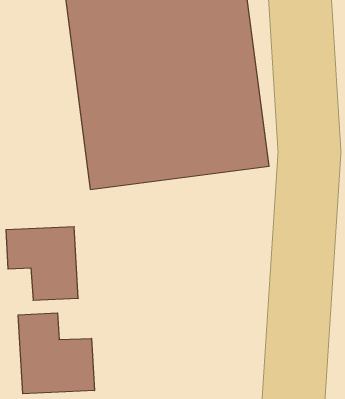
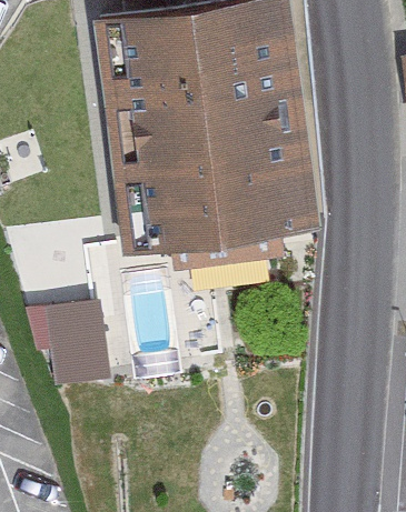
building: [18,313,94,394] -> none

